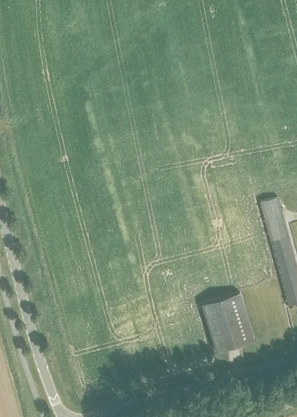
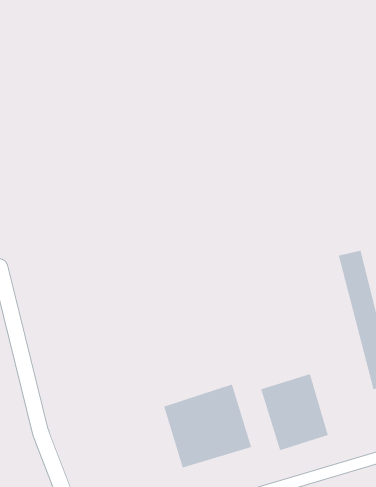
building: none -> [163,384,252,469]

